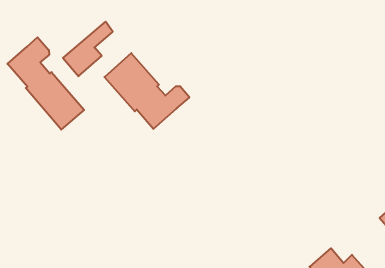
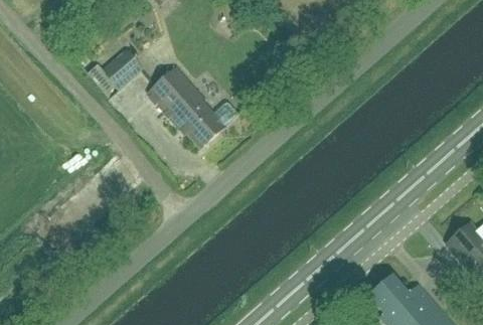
building: [7,37,84,130] -> none

